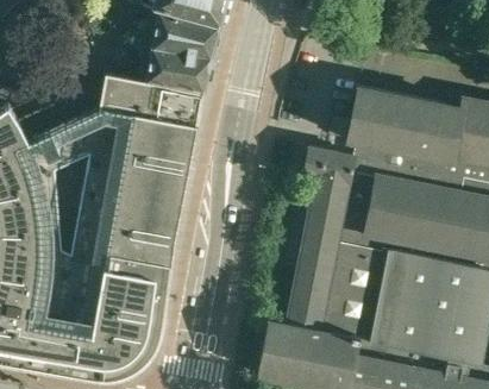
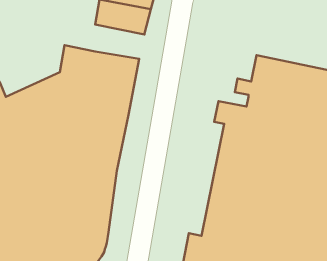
building: [139,45,211,92] -> none

